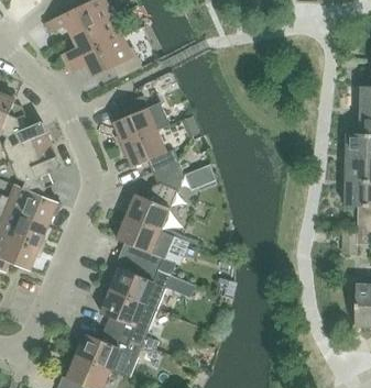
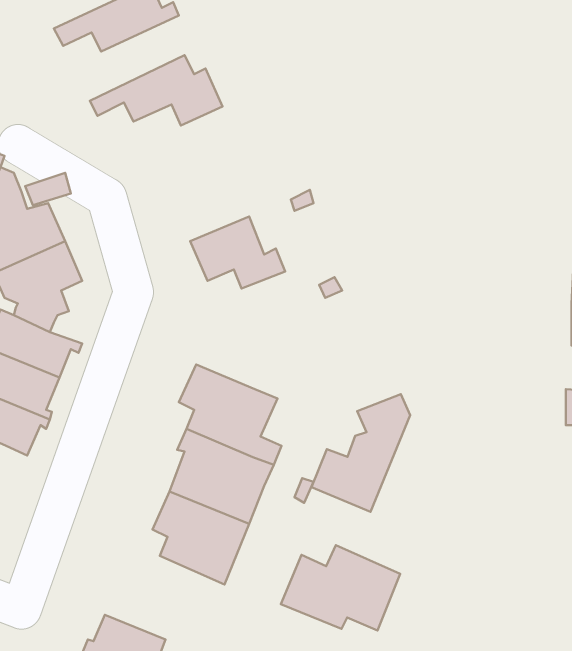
building: [61,14,120,64] -> none
building: [113,97,157,145] -> none
building: [127,163,184,231] -> [312,394,410,512]
building: [74,328,143,377] -> [281,545,400,631]

